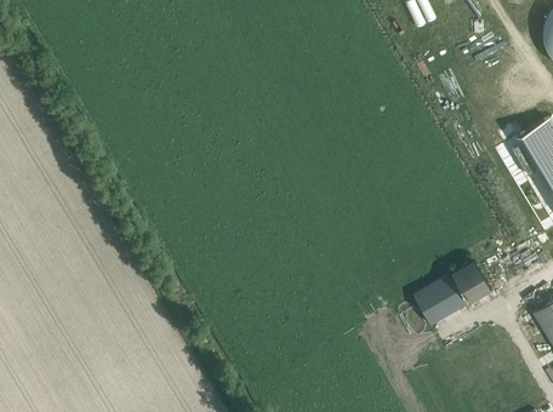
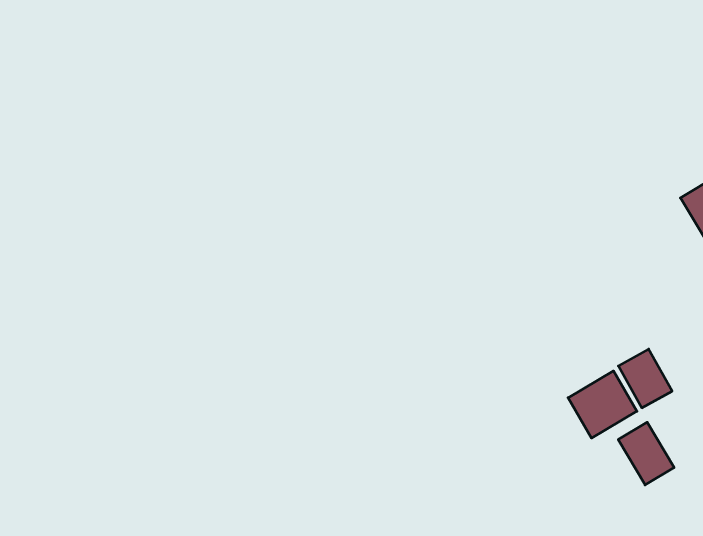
building: none -> [618,422,674,485]

